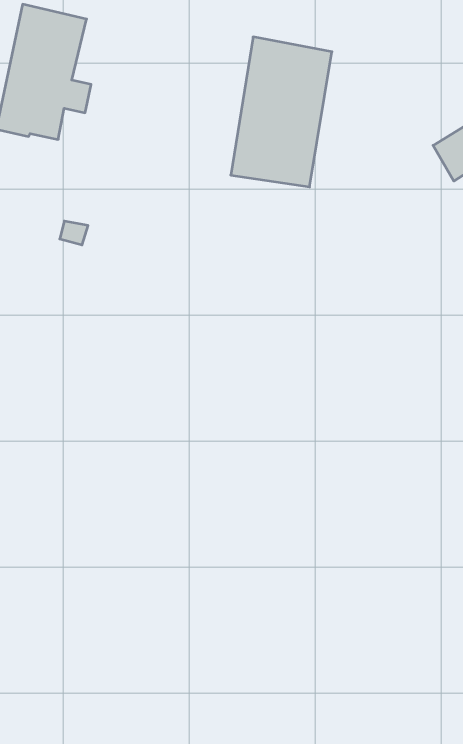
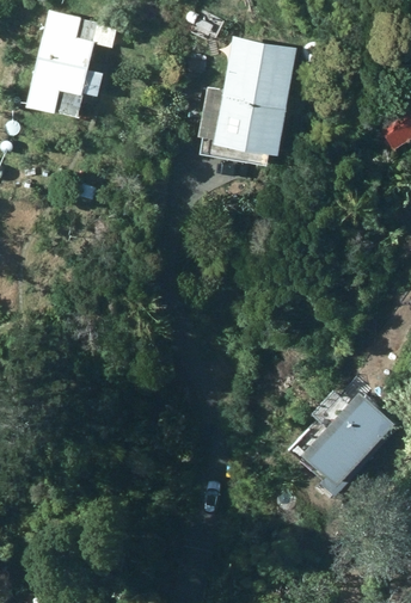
building: none -> [301,394,393,488]

